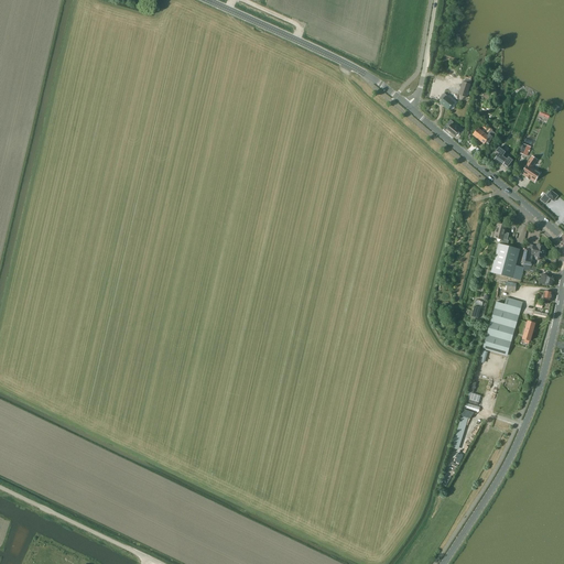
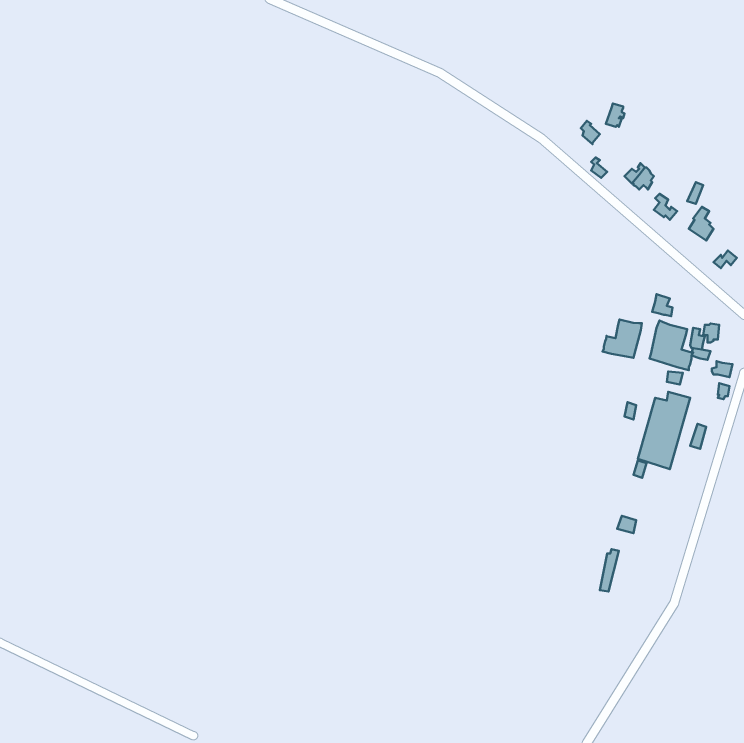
building: none -> [603,319,642,358]

